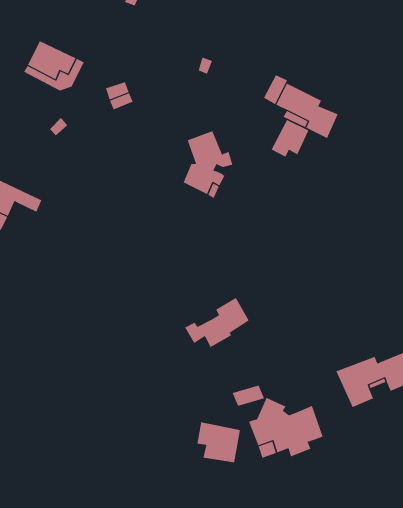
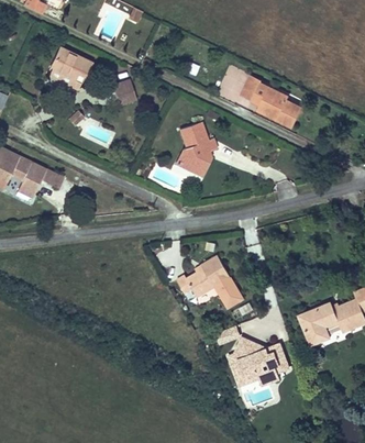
building: [271,119,309,157] -> none
building: none -> [214,274,244,307]
building: [197,422,240,463] -> none

